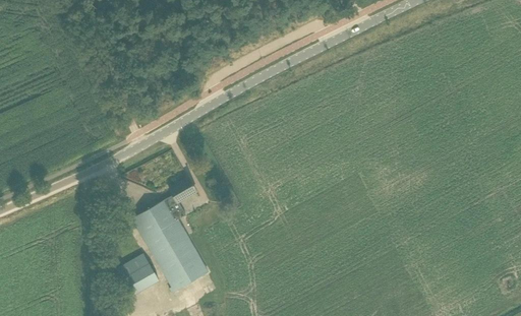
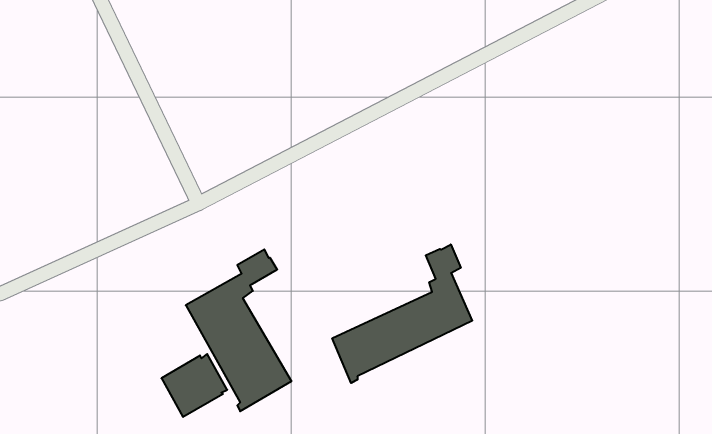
building: none -> [332,244,472,383]

